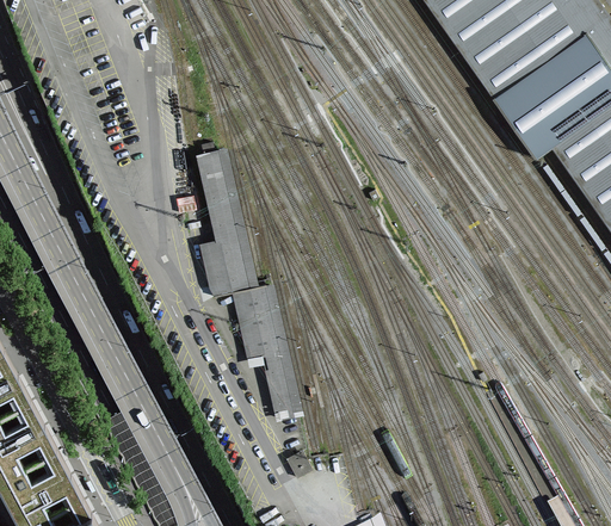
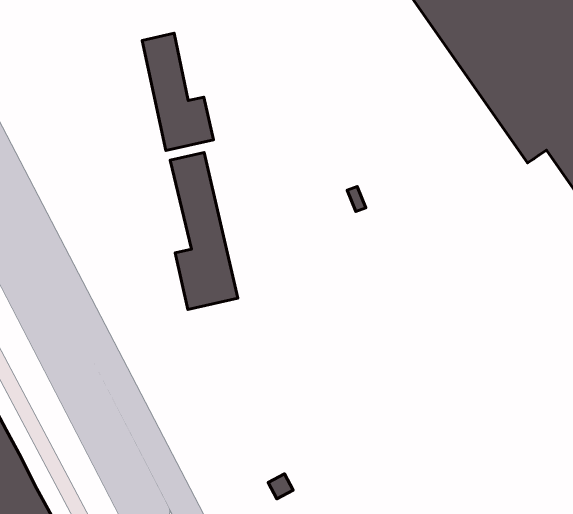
building: none -> [142,33,213,150]
building: [232,285,303,422] -> none

